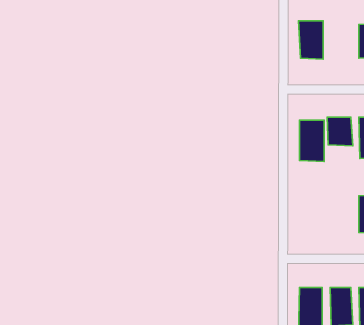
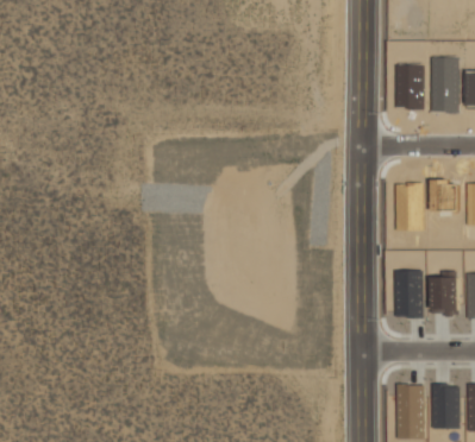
building: none -> [432,58,460,116]
building: none -> [395,271,423,318]
building: none -> [430,273,458,309]

